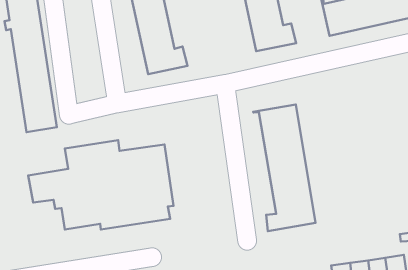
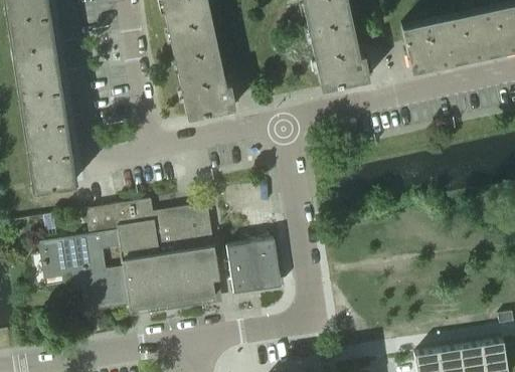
building: [253,105,315,231] -> none
building: none -> [227,238,283,294]

